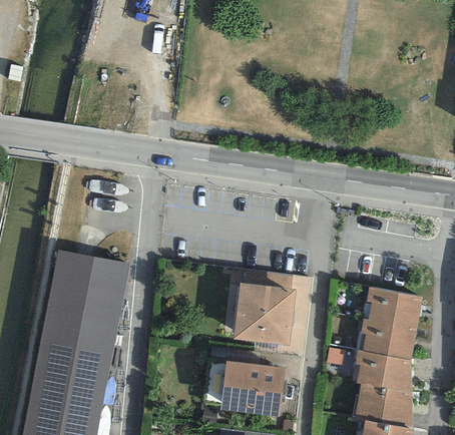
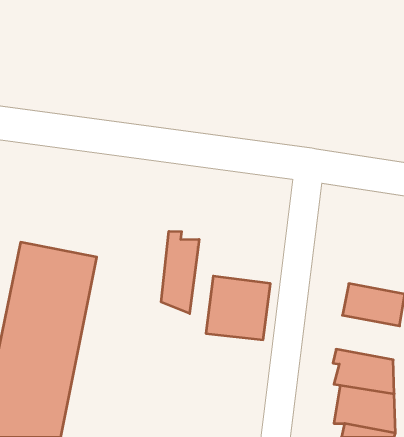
building: none -> [161,231,199,314]
building: [357,319,417,361] -> none
building: [221,359,285,412] -> none

